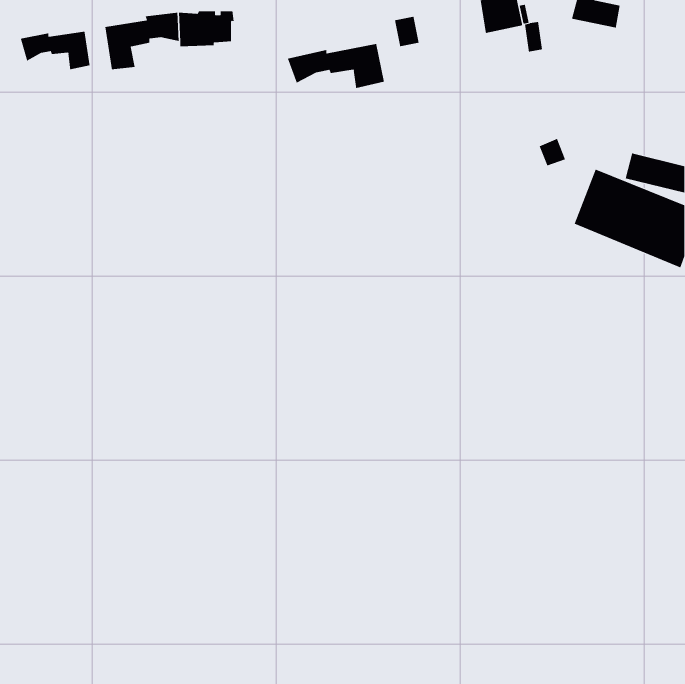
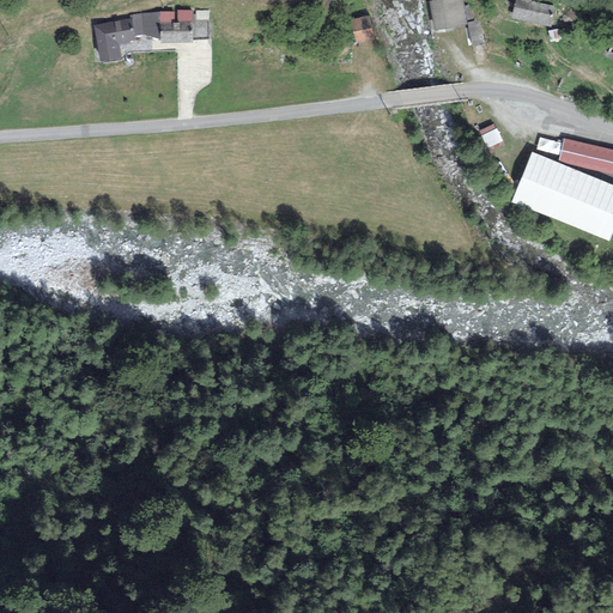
building: [20,31,90,70] -> none
building: [287,43,384,89] -> none

